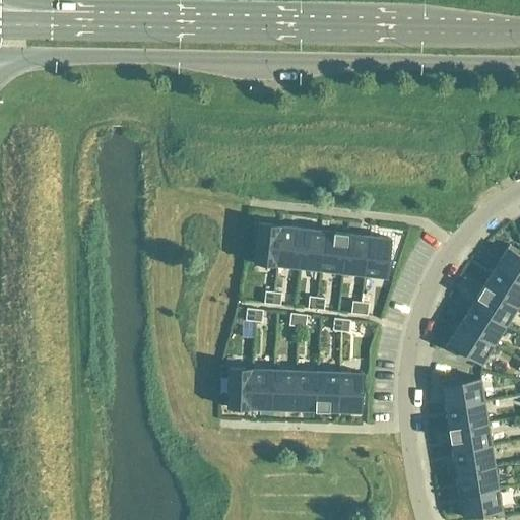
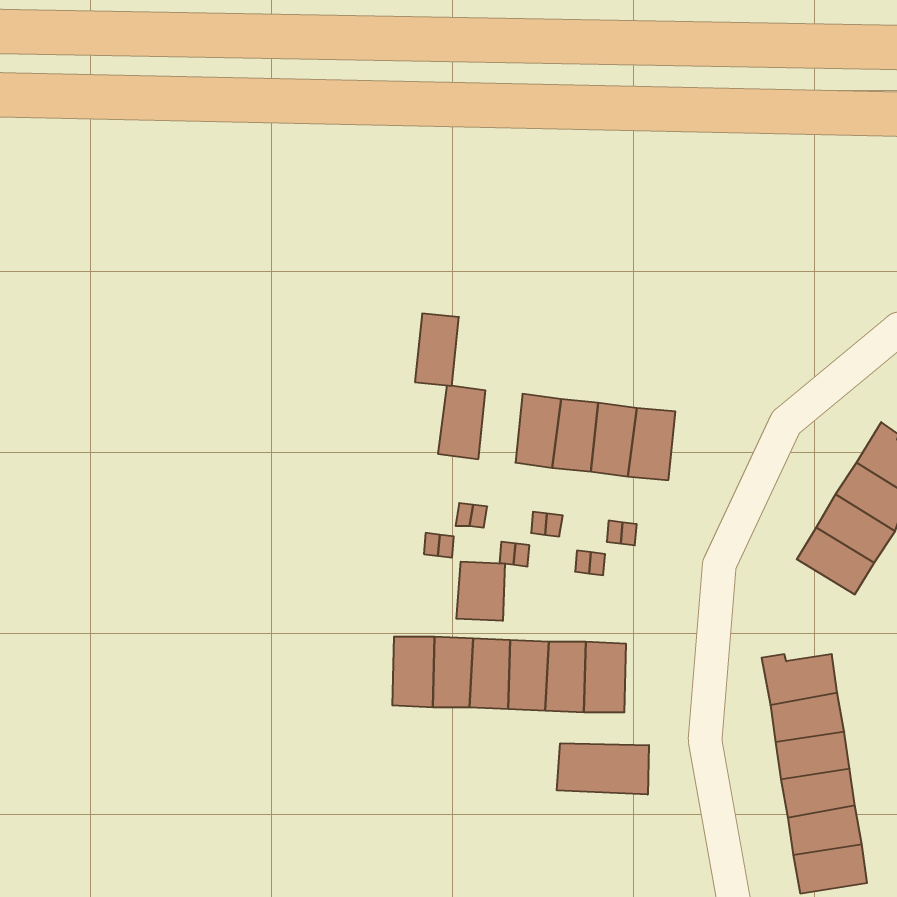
building: [277,226,303,268] -> [415,314,459,386]
building: [447,324,495,365] -> none
building: none -> [456,562,505,621]
building: none -> [557,743,649,795]

